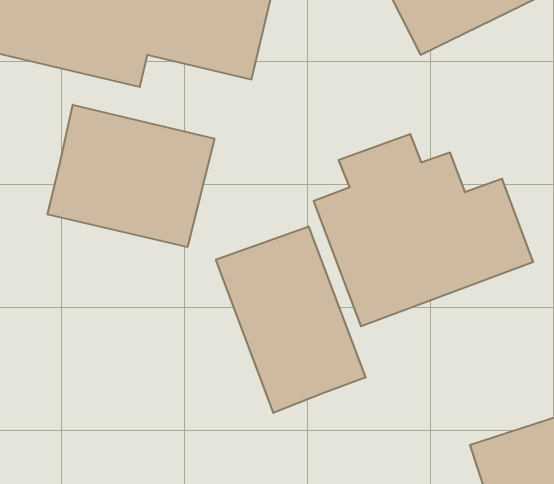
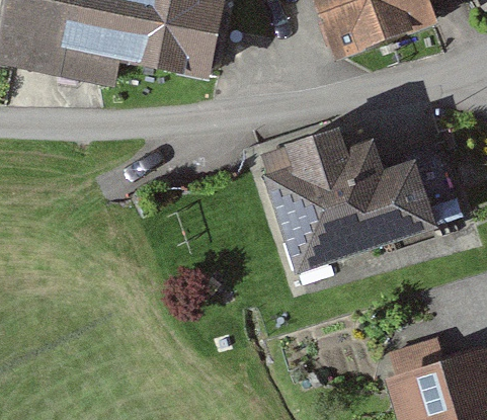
building: [47,105,214,247] -> none
building: [216,226,366,413] -> none

